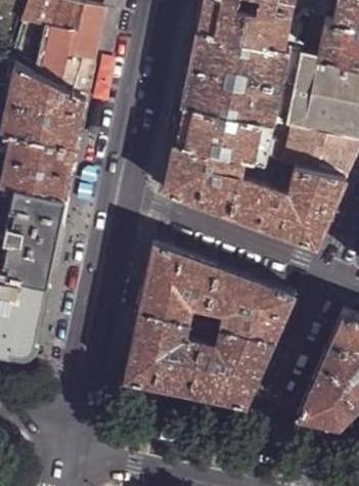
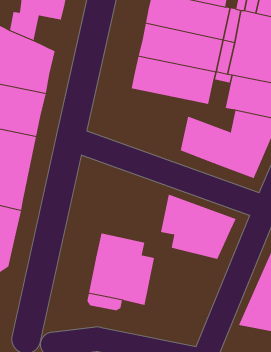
building: [62,62,94,103] -> none
building: [164,146,243,218] -> none
building: [139,245,217,324] -> none
building: [190,330,274,408] -> none

